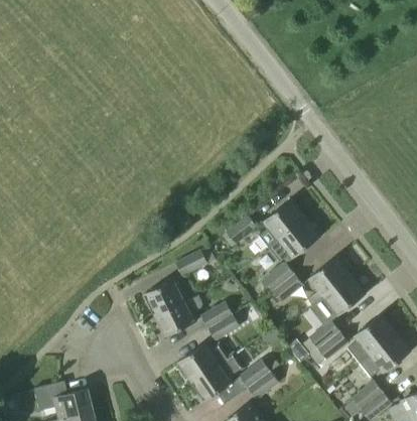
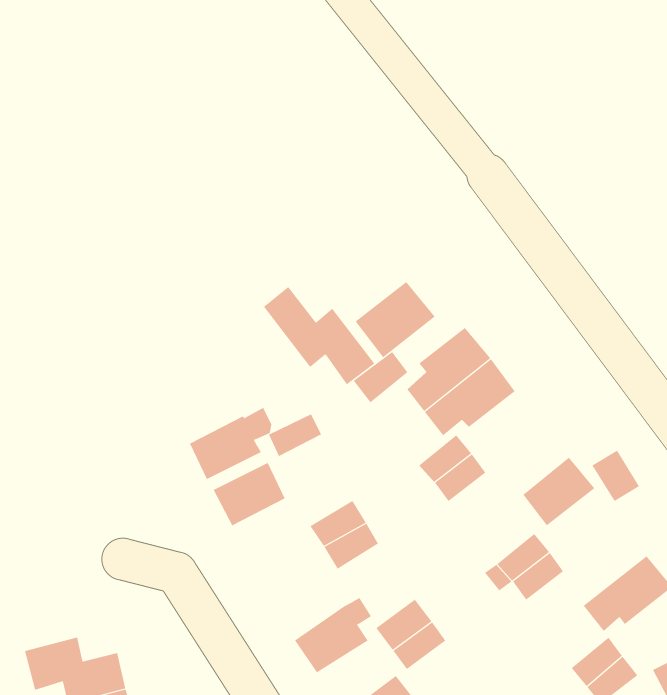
building: none -> [355,281,435,358]
building: none -> [263,286,375,385]
building: [308,258,351,298] -> none
building: [154,295,202,337] -> [189,407,272,480]
building: [346,315,396,363] -> none
building: [177,343,224,383] -> none

